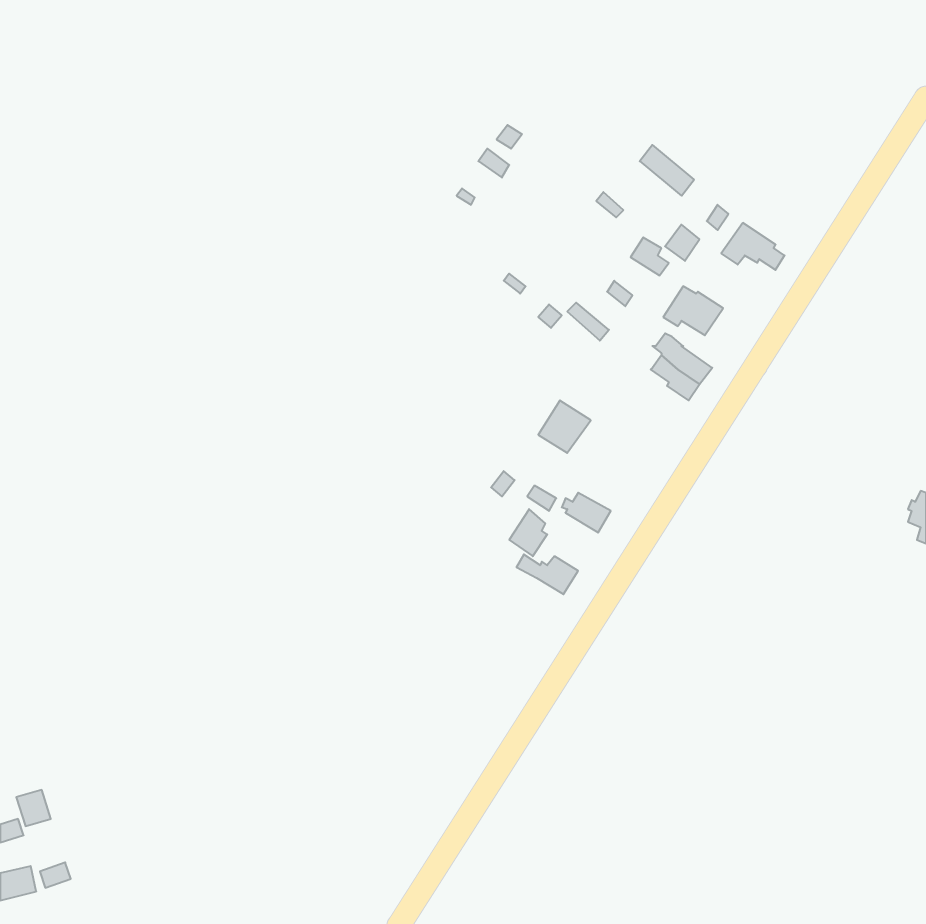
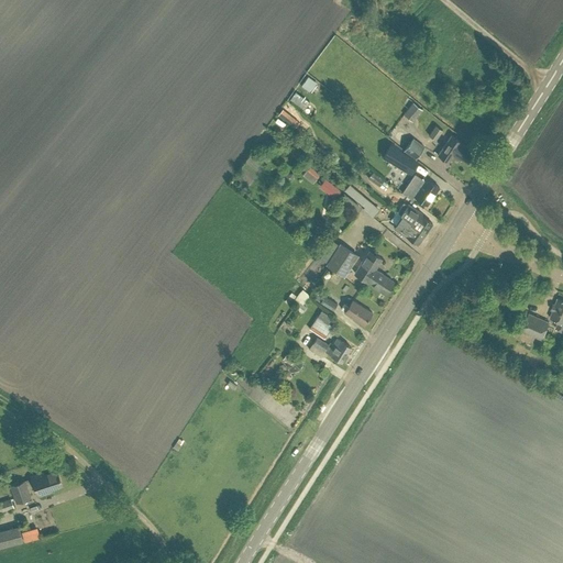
building: none -> [355,252,394,294]
building: none -> [521,313,551,340]
building: none -> [31,468,62,497]

